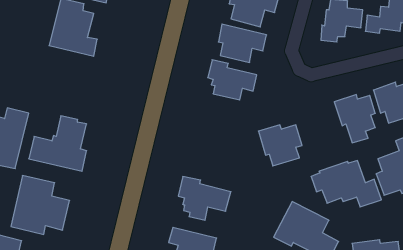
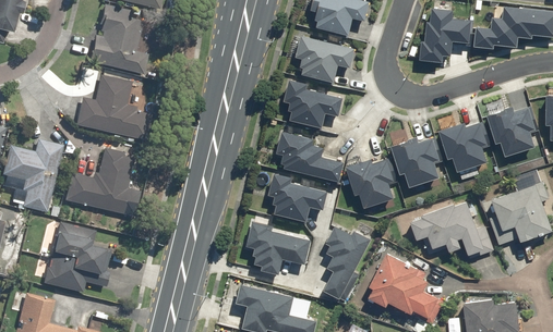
building: none -> [74,75,148,140]
building: none -> [275,132,344,183]
building: none -> [389,138,440,188]
building: none -> [267,173,327,222]
building: none -> [322,225,371,299]

